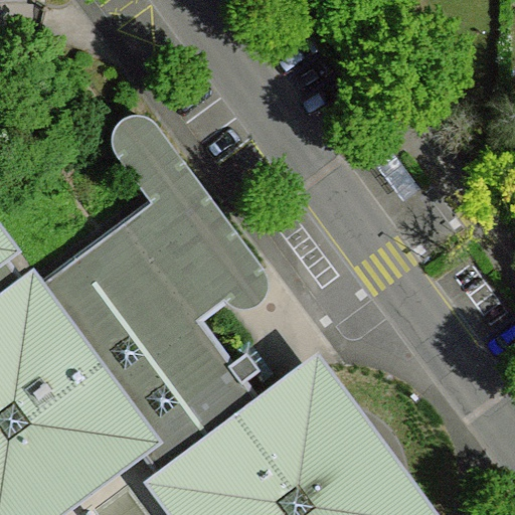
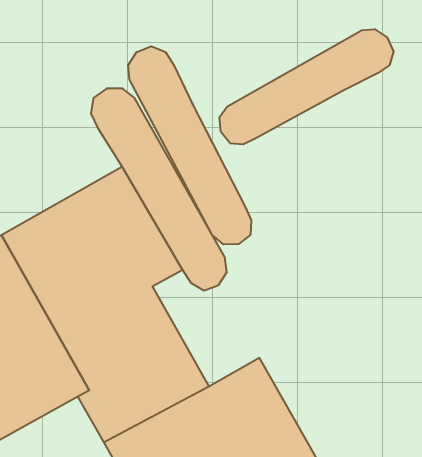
building: none -> [219,29,394,144]
building: none -> [128,46,251,244]

